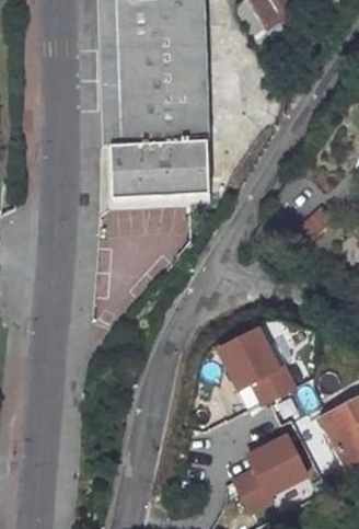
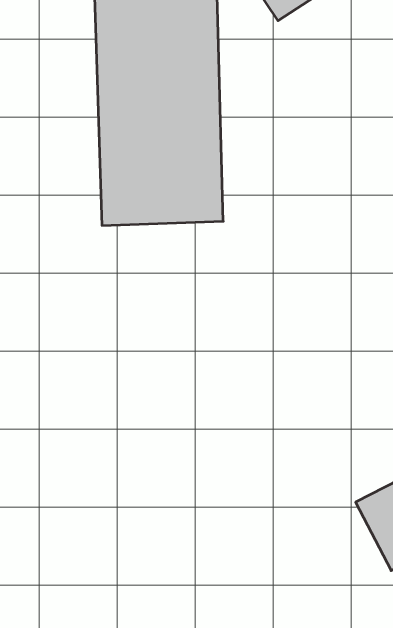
building: [206,326,293,407] -> none
building: [227,434,305,513] -> none

